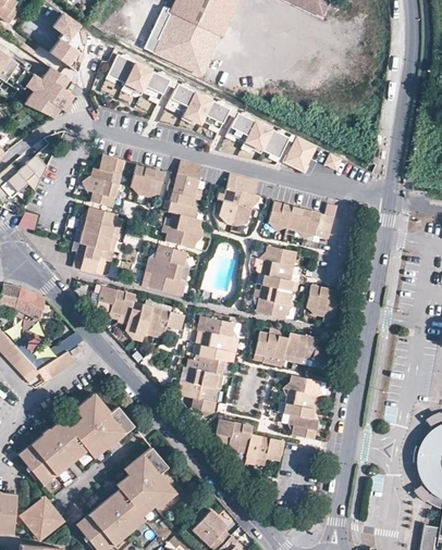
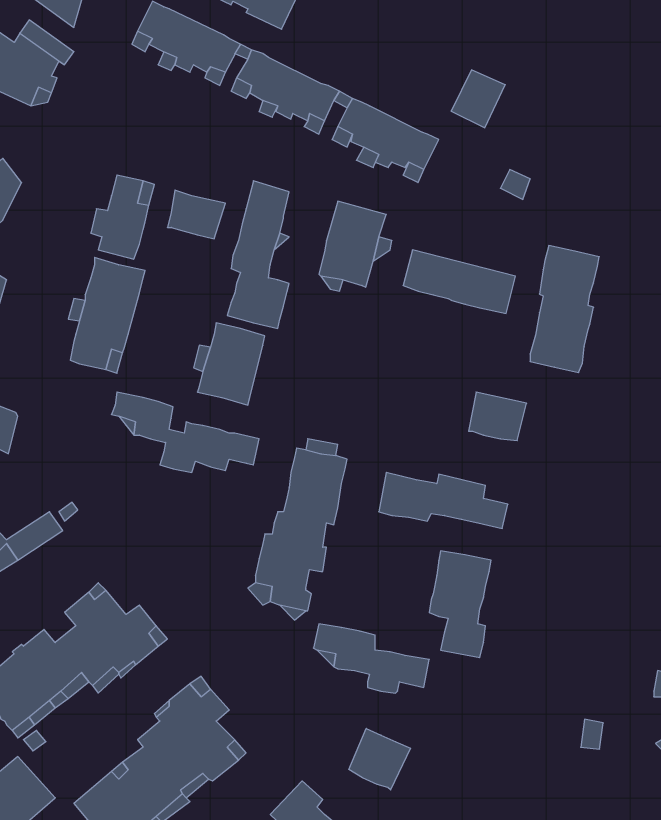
building: [286,138,318,172] -> [451,70,505,128]
building: [257,245,297,318] -> [530,246,599,373]
building: none -> [349,728,410,790]

